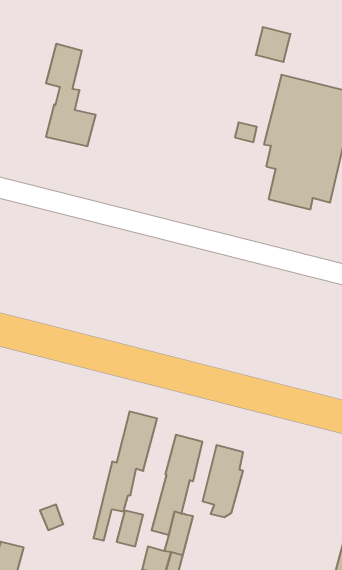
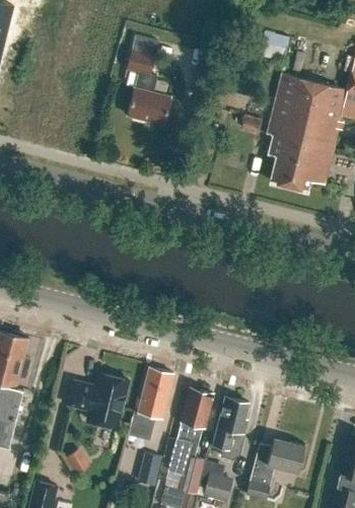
building: [46,44,96,146] -> [127,35,170,125]
building: none -> [68,373,129,428]
building: none -> [246,438,305,500]
building: none -> [204,473,233,502]

